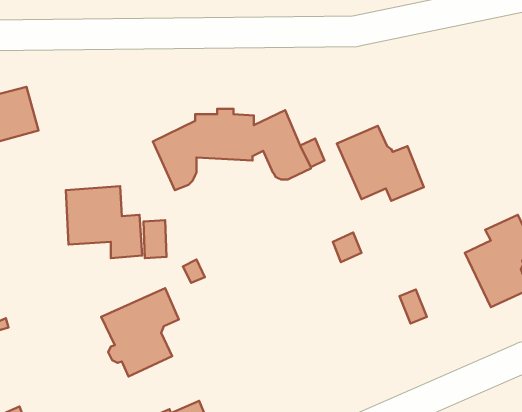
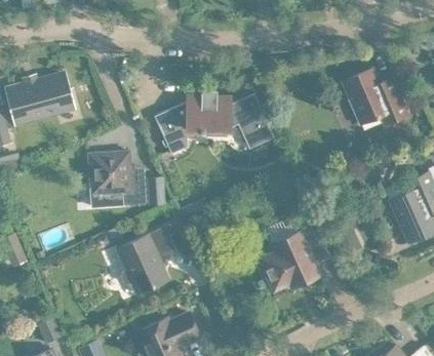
building: [337,126,424,201] -> [343,70,408,126]
building: none -> [255,224,330,292]

